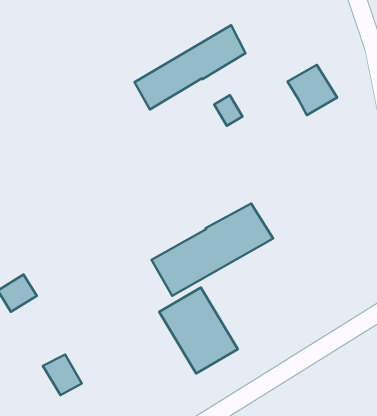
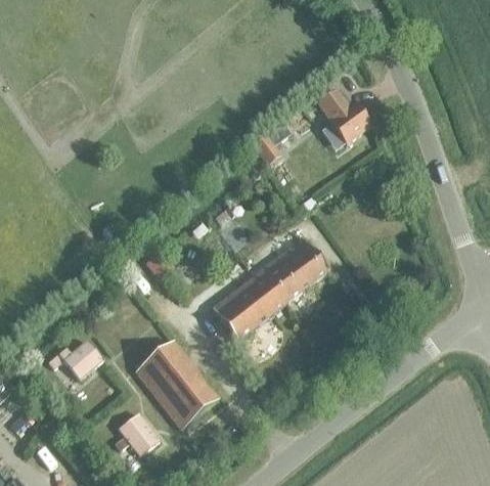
building: [134,25,246,109] -> none
building: [159,287,238,373] -> [135,342,218,428]

